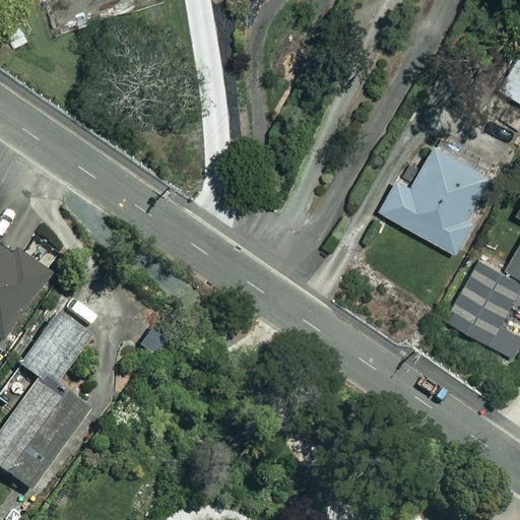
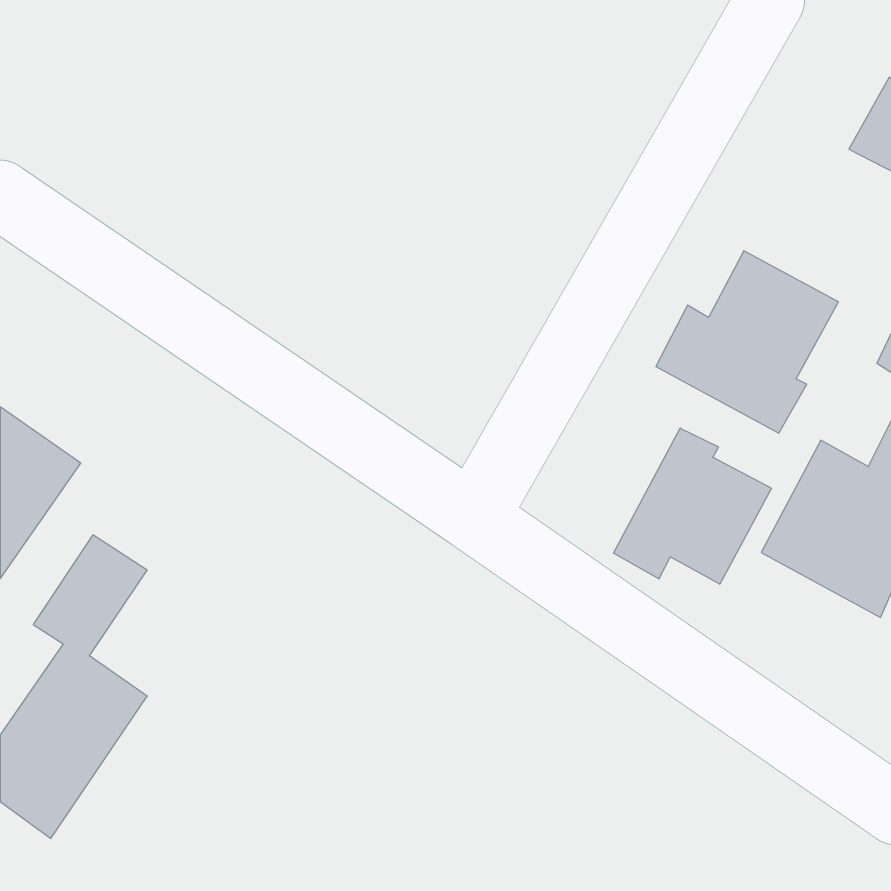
building: none -> [614,428,771,584]

